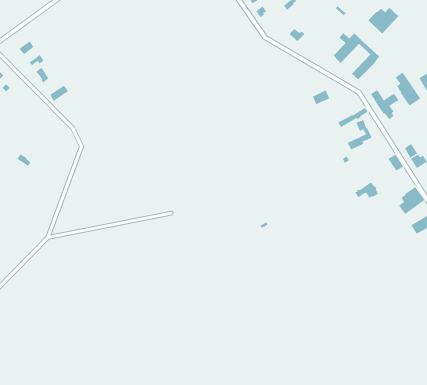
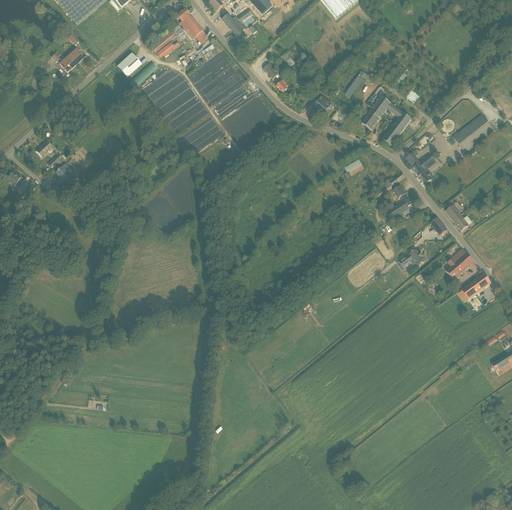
building: [368,7,399,34] -> none
building: [395,72,421,106] -> none

